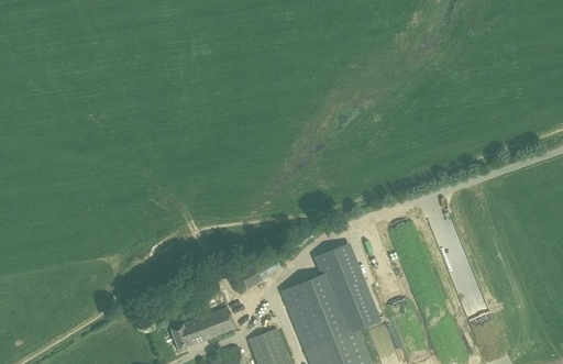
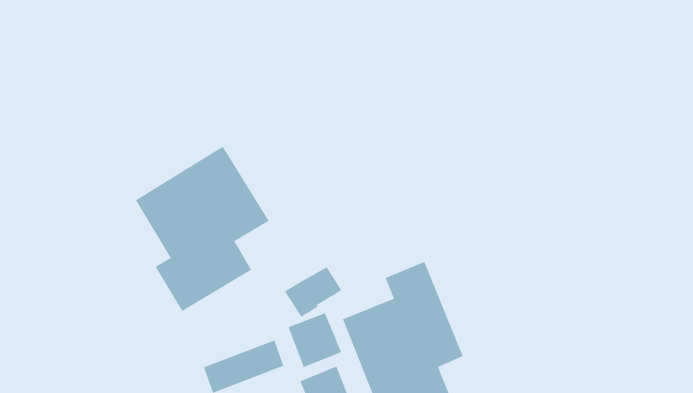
building: none -> [135,146,270,312]
building: none -> [288,313,342,368]

